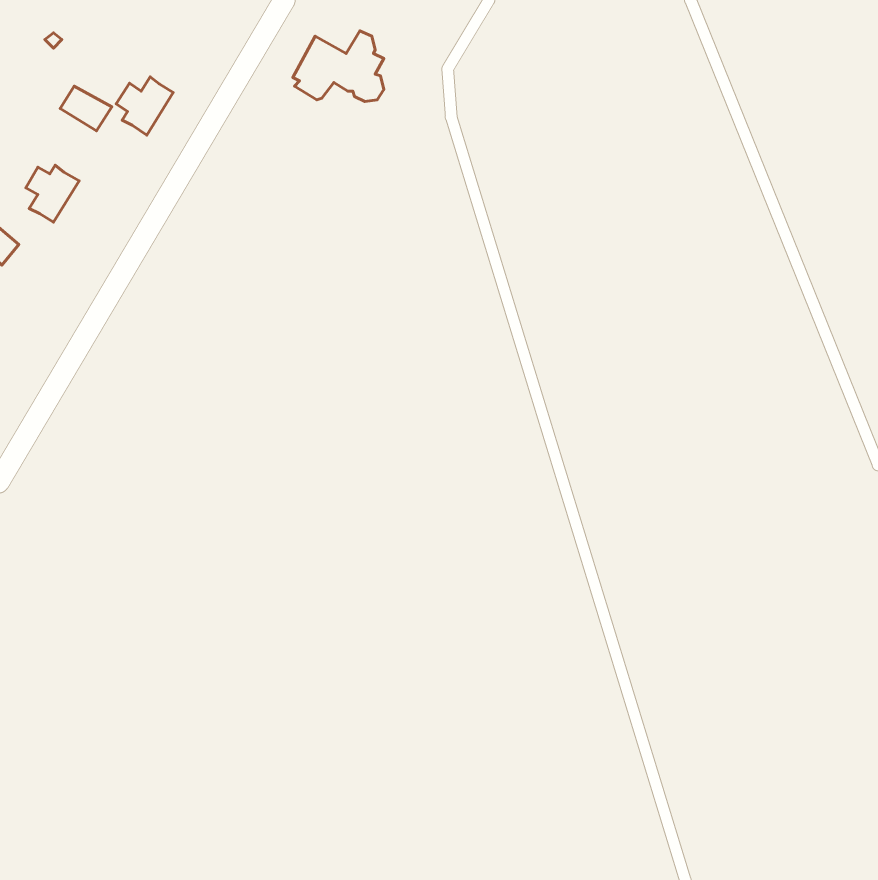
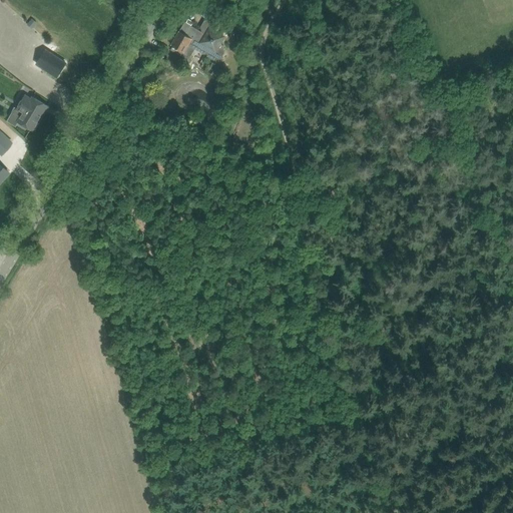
building: [116,77,173,135] -> none

